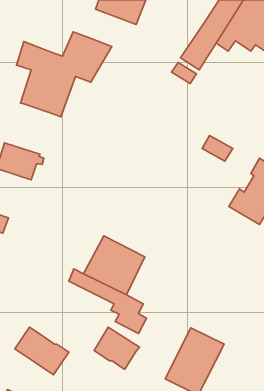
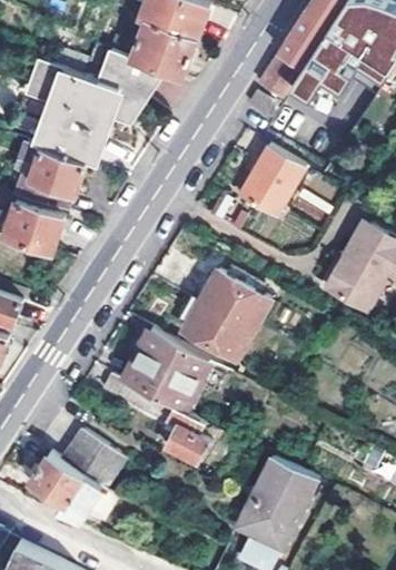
building: none -> [130,18,196,73]
building: none -> [295,59,354,104]
building: none -> [241,141,306,216]
building: none -> [13,146,87,210]
building: none -> [182,267,271,357]
building: [94,327,140,369] -> [62,430,125,488]

